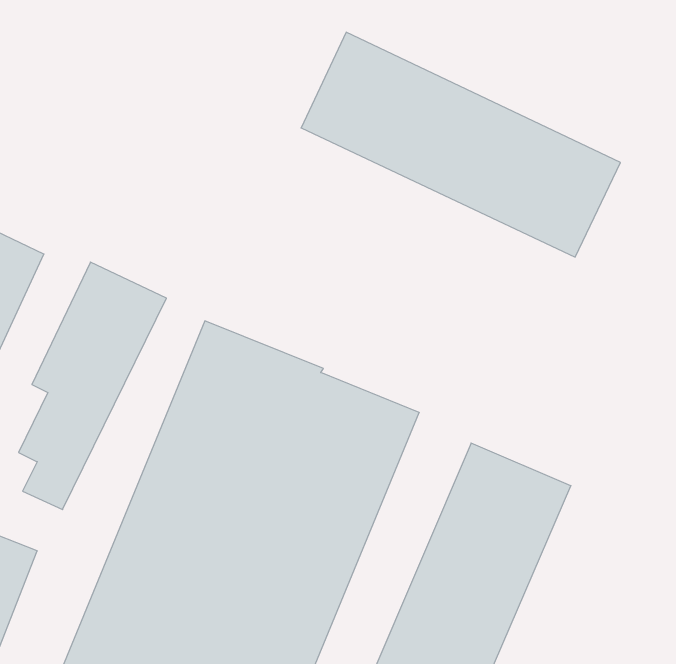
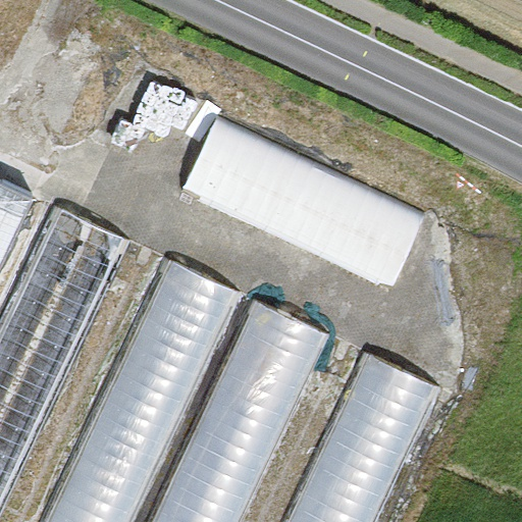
building: [301,32,620,257] -> [184,118,428,291]

